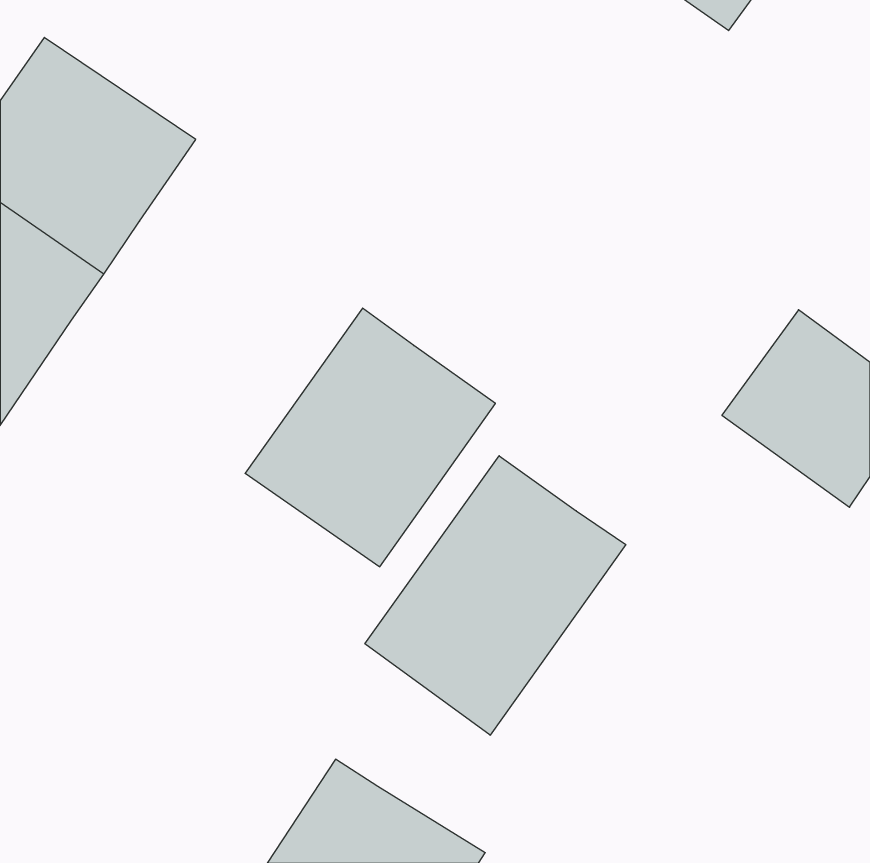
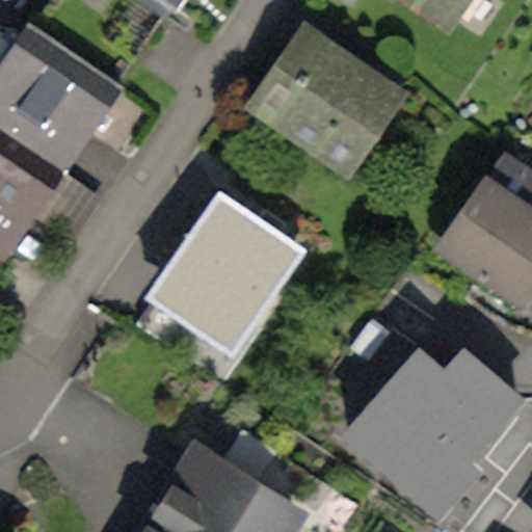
building: none -> [258,26,397,163]
building: [365,456,626,735] -> none
building: none -> [346,360,521,521]

